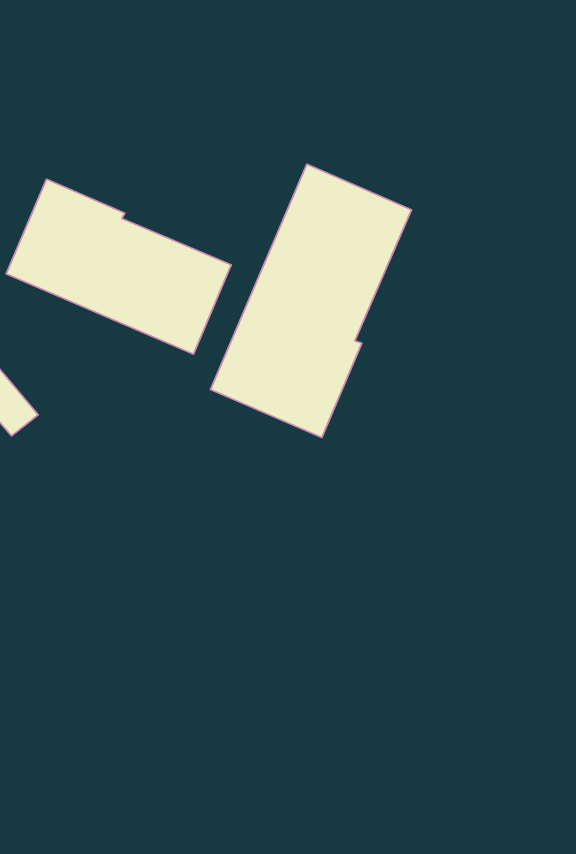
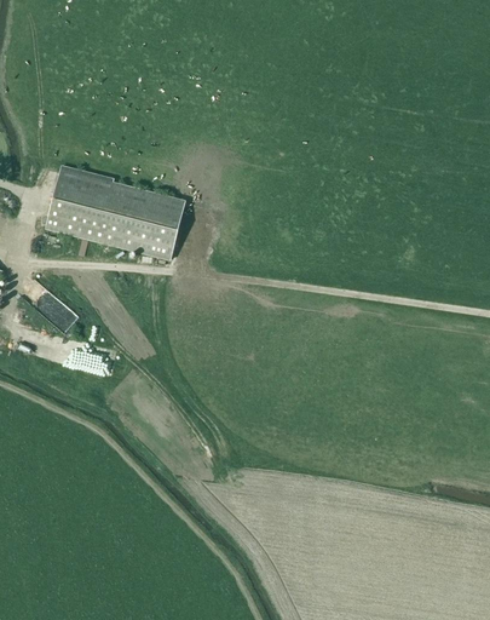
building: [210,164,411,437] -> none

